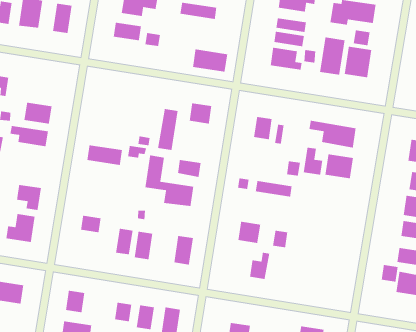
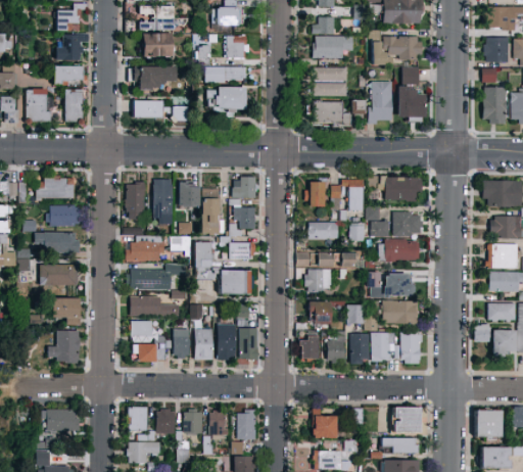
building: [192,49,228,73] -> [207,87,245,108]
building: none -> [37,177,75,198]
building: none -> [126,181,144,220]
building: none -> [152,179,173,217]
building: none -> [179,182,198,202]
building: none -> [349,180,365,209]
building: none -> [234,207,255,229]
building: none -> [308,222,339,239]
building: none -> [40,265,76,285]
building: none -> [127,267,181,288]
building: none -> [380,240,420,261]
building: none -> [130,295,176,316]
building: none -> [304,269,331,291]
building: none -> [369,273,414,296]
building: none -> [218,324,235,360]
building: none -> [382,300,419,323]
building: none -> [132,336,167,361]
building: none -> [300,335,319,360]
building: none -> [350,333,369,363]
building: none -> [373,331,391,361]
building: none -> [397,332,422,363]
building: none -> [156,409,175,432]

